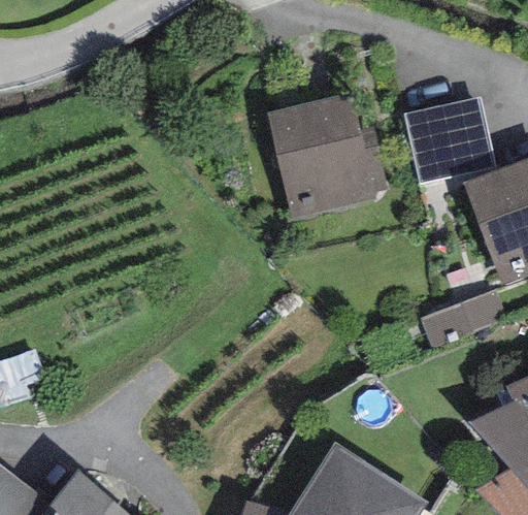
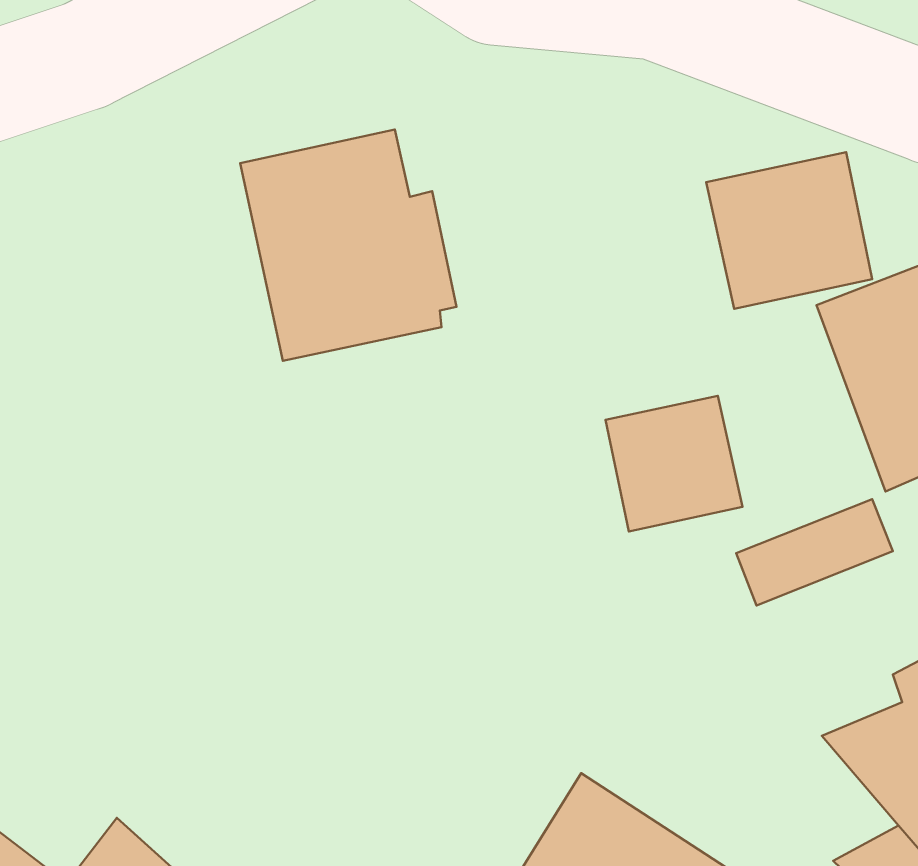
building: [266,93,386,221] -> [240,130,457,361]
building: none -> [605,396,743,531]

